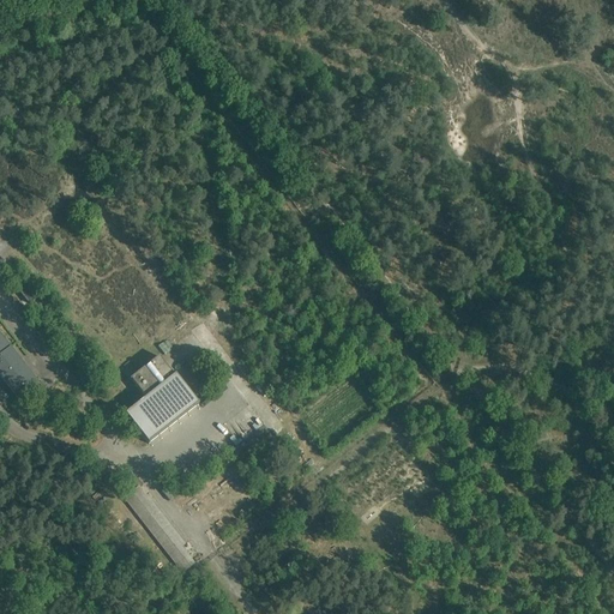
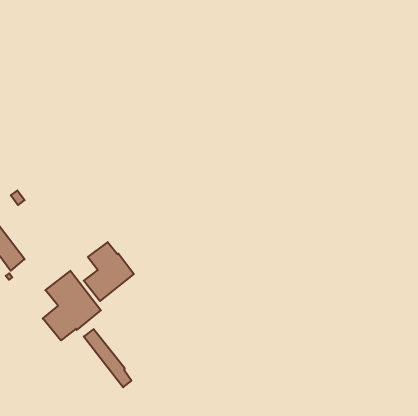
building: none -> [43,271,101,340]

